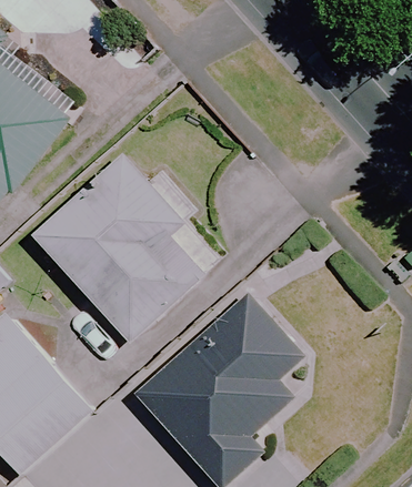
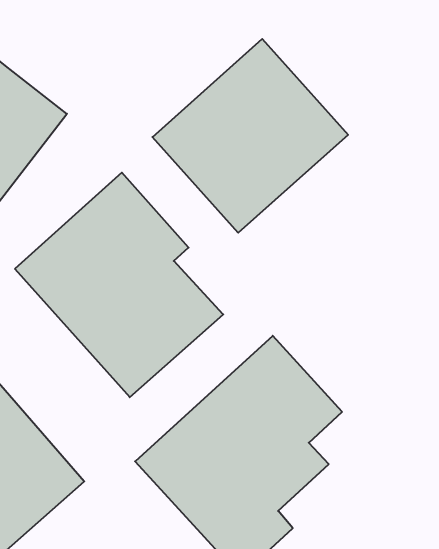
building: none -> [152,39,348,233]

